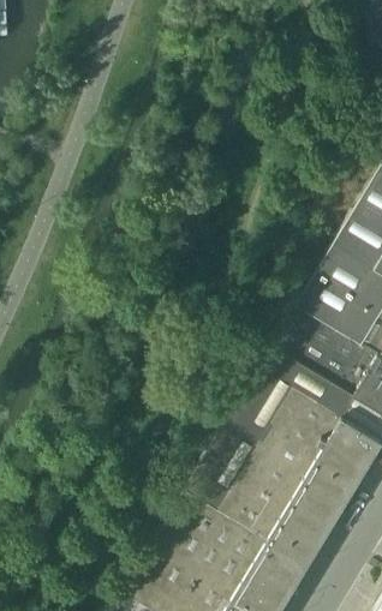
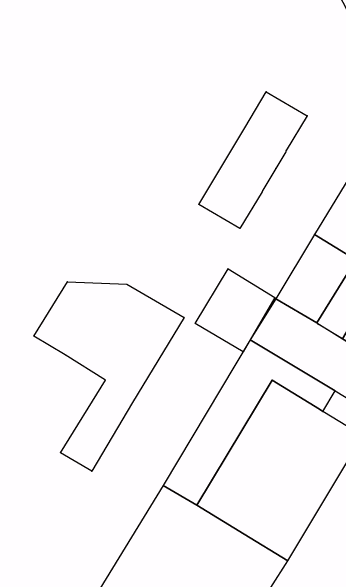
building: none -> [199,92,307,228]
building: none -> [195,269,275,352]
building: none -> [34,282,184,471]

